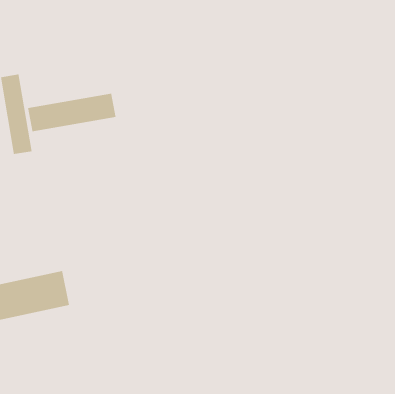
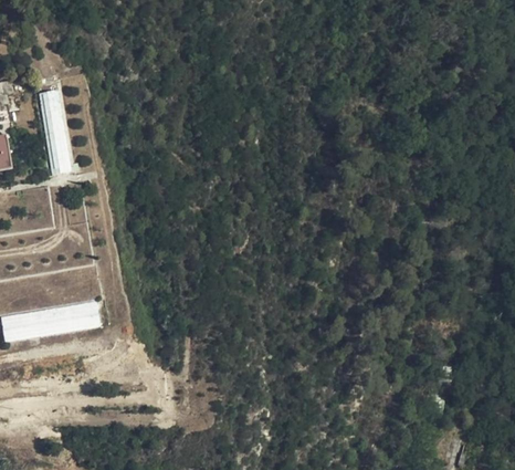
building: [27,93,116,132] -> none

